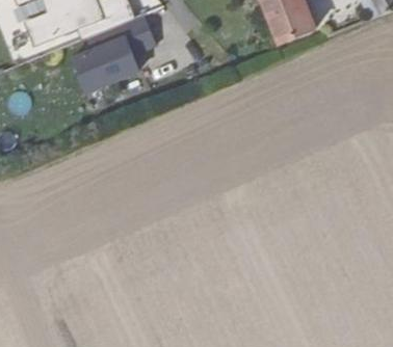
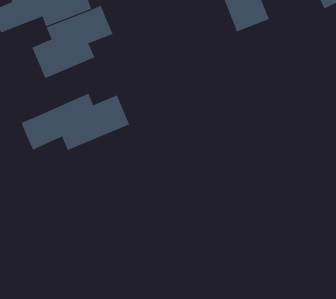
building: none -> [21,93,130,151]

